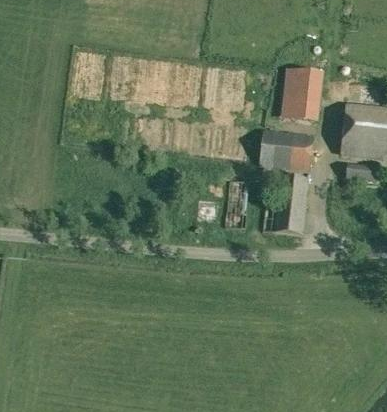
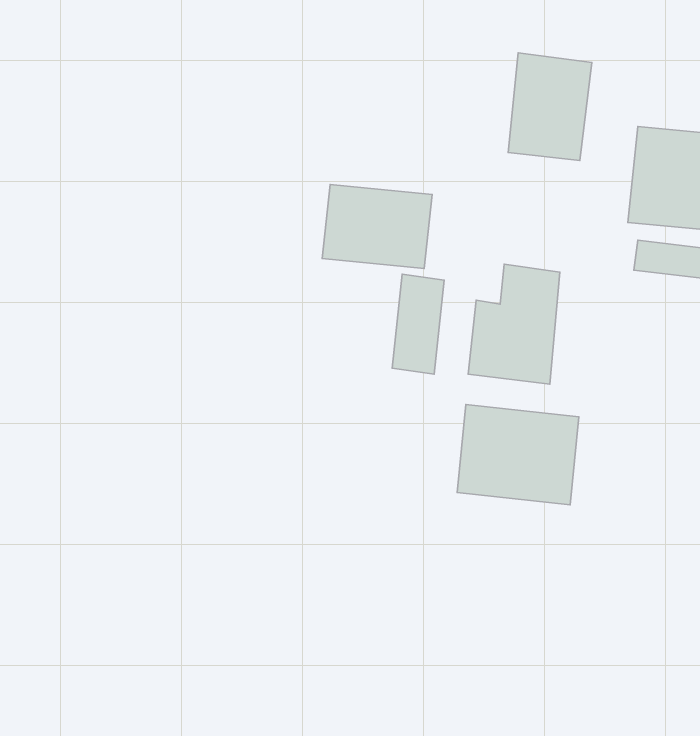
building: [258,130,313,172] -> [322,185,432,268]
building: none -> [457,405,579,505]

